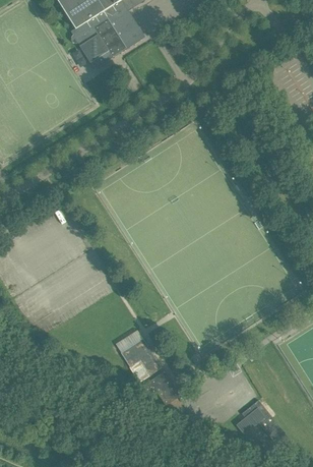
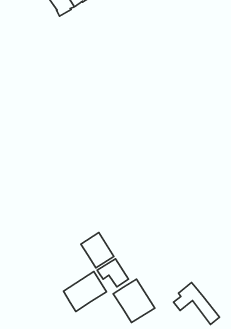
building: none -> [63,272,107,312]
building: none -> [113,279,155,323]

